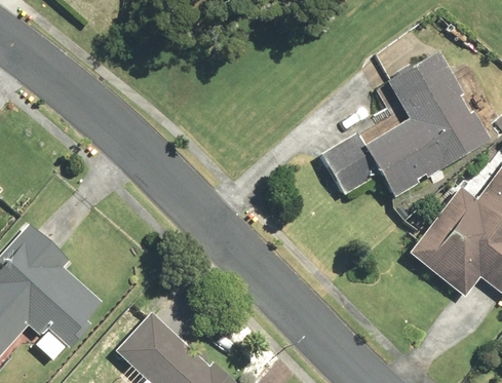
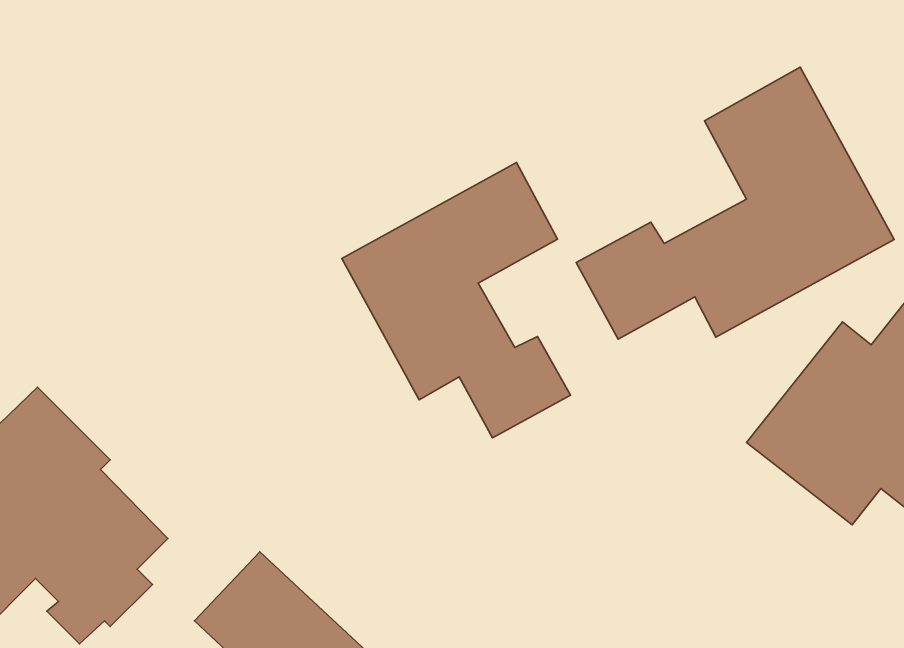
building: none -> [342,162,570,438]

